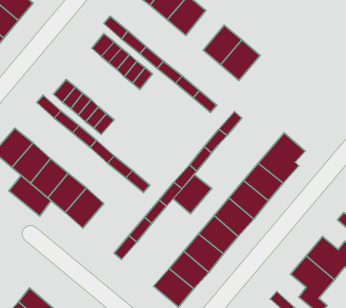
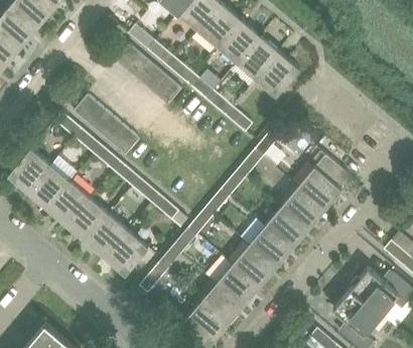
building: none -> [218,20,260,64]
building: [173,175,212,214] -> none
building: [9,176,51,216] -> none
building: none -> [105,232,148,275]

